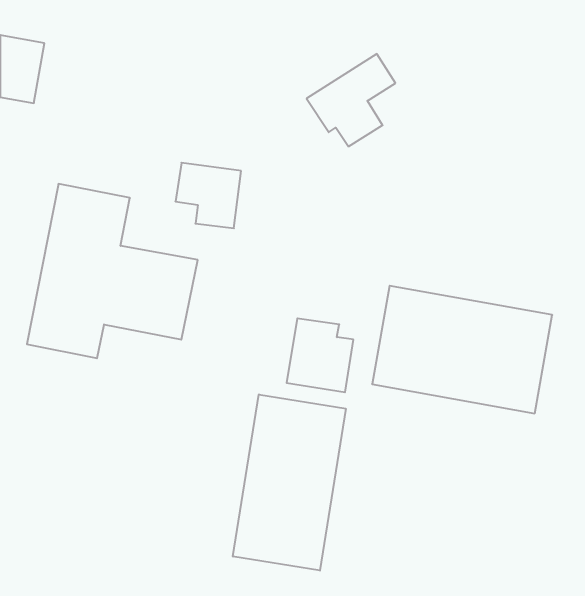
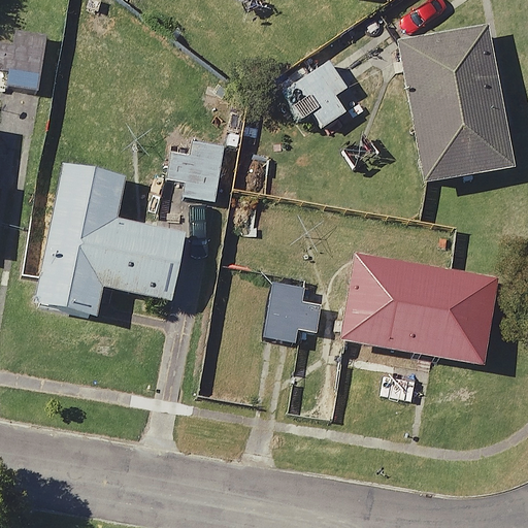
building: none -> [401,24,510,182]
building: [233,394,346,571] -> none

